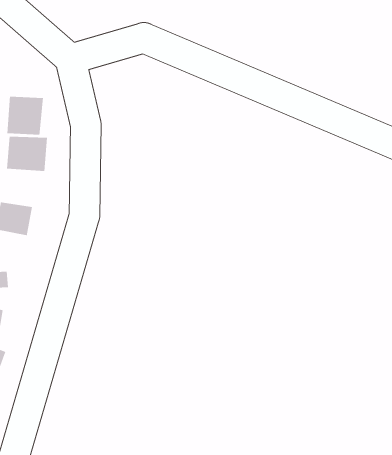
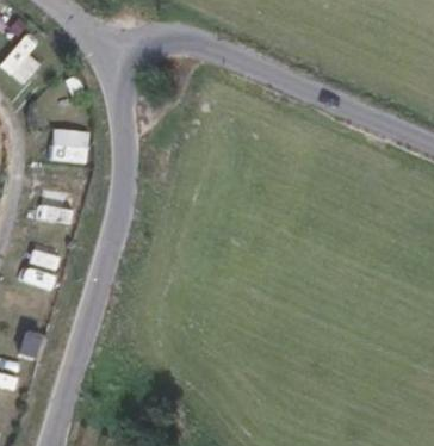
building: [7,96,43,136] -> none

